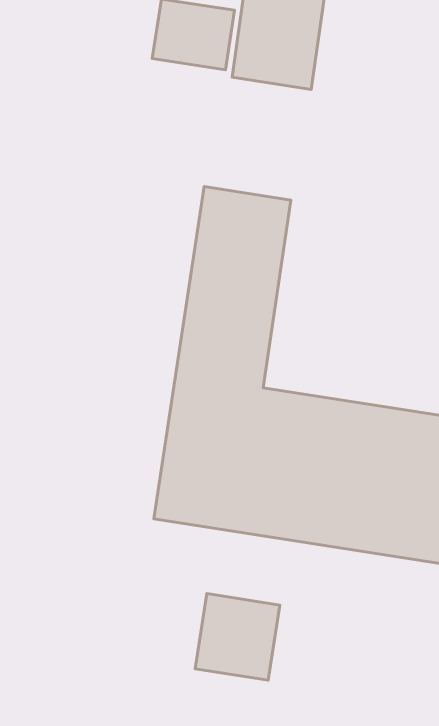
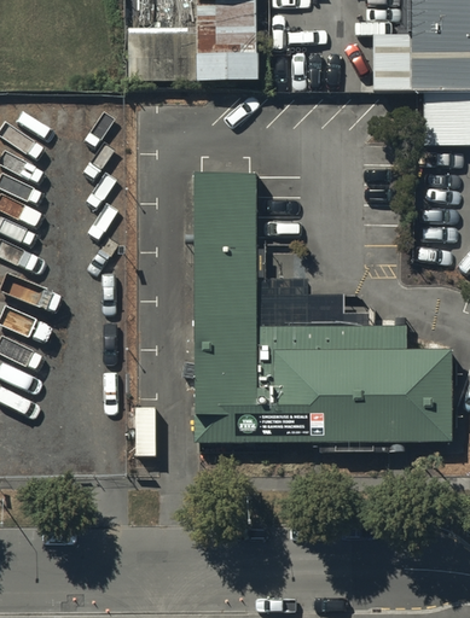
building: [195,594,280,680] -> none

